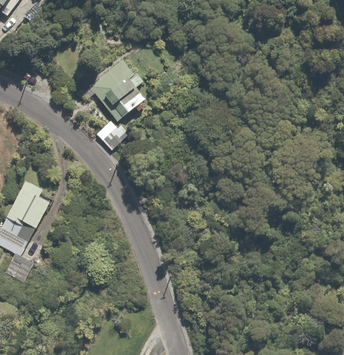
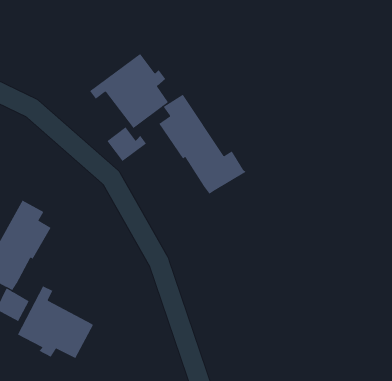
building: none -> [158,94,246,195]
building: none -> [17,285,94,359]

